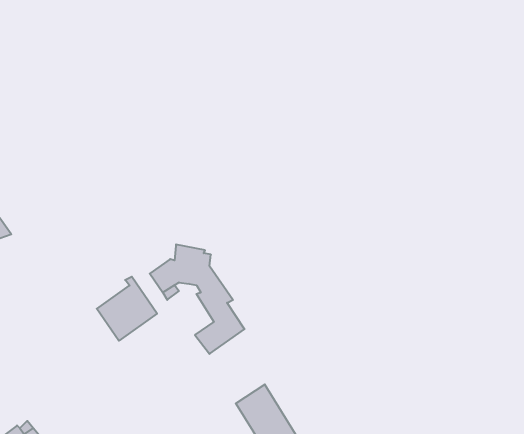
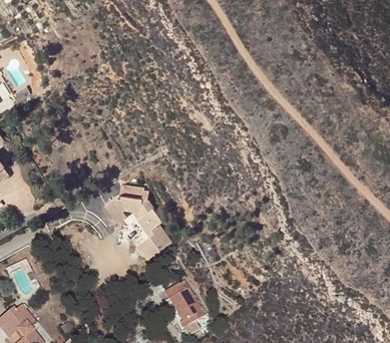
building: [97,277,157,341] -> none

